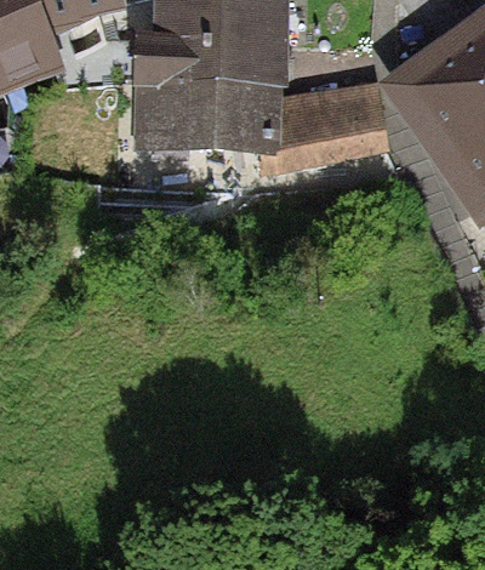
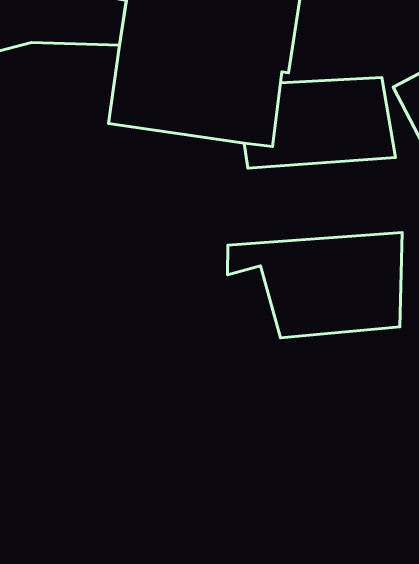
building: none -> [228,233,402,338]

